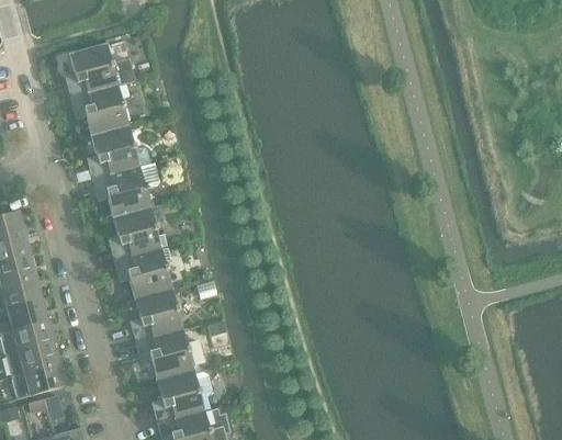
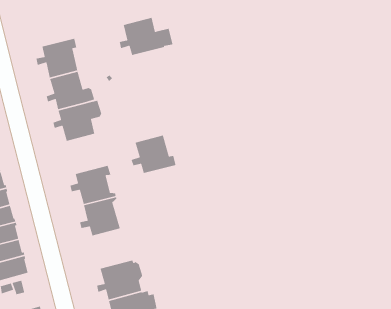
building: [64,44,134,94] -> [119,17,173,56]
building: [106,207,166,258] -> [130,135,176,174]
building: [137,329,203,380] -> none

